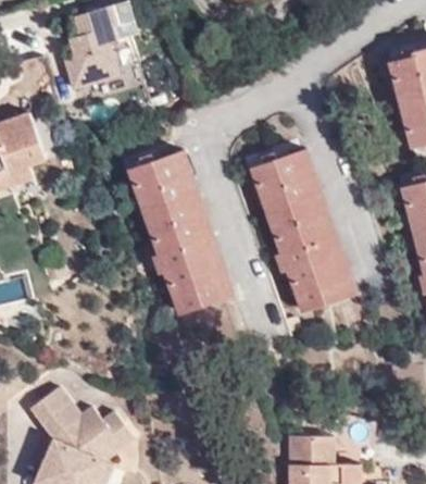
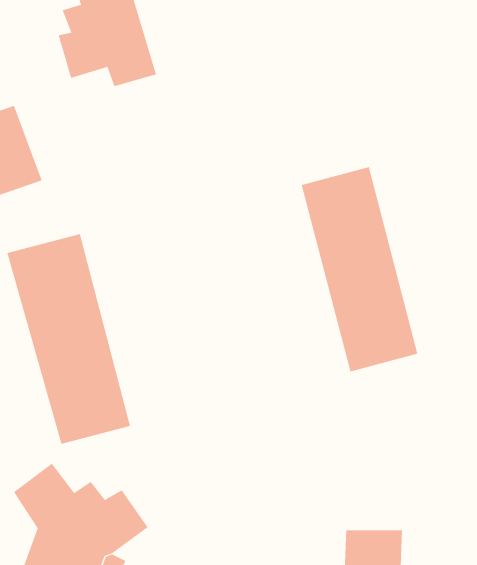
building: [126,161,223,325] -> [7,233,131,444]

